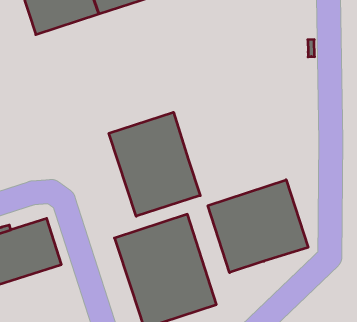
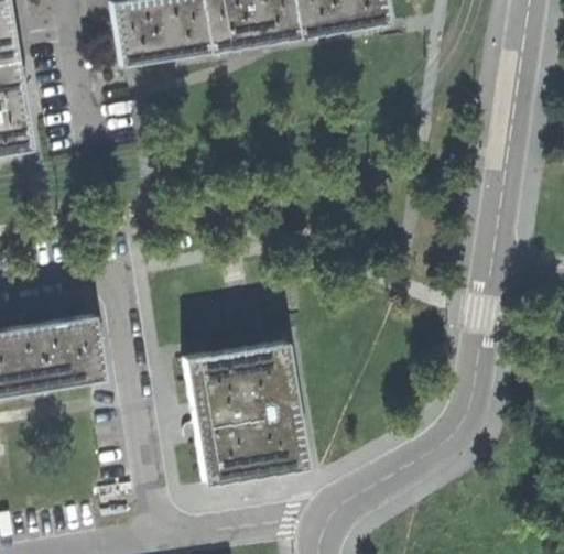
building: [109,112,200,216] -> none
building: [208,180,308,273] -> none

